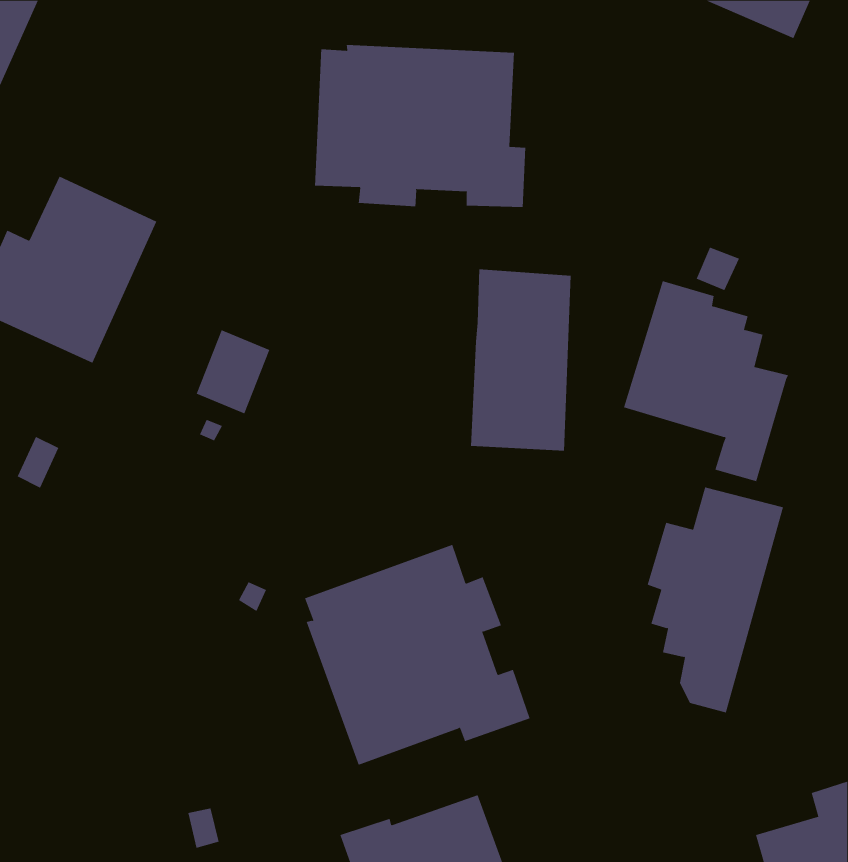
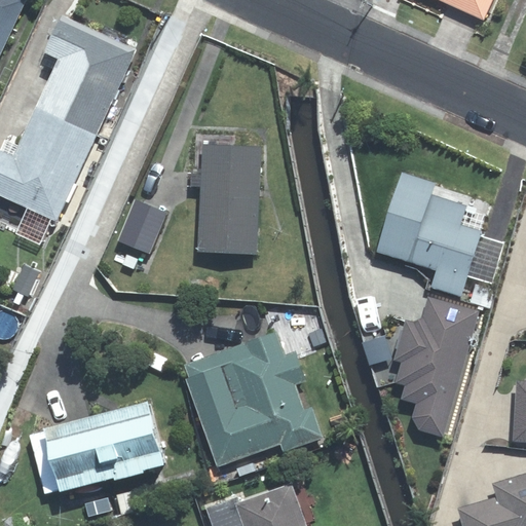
building: none -> [36,16,136,136]
building: [314,44,526,208] -> none
building: [470,269,572,451] -> [197,142,259,253]
building: none -> [50,402,171,489]

